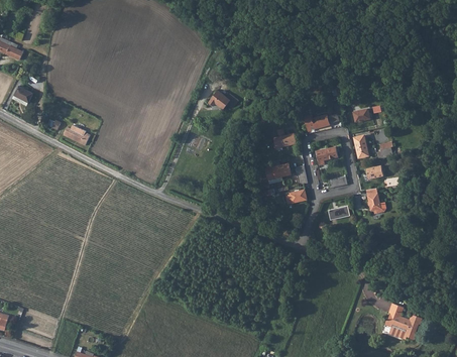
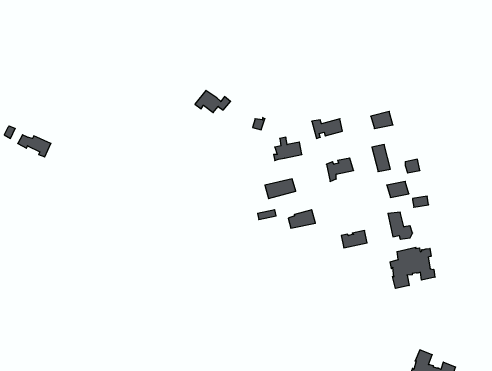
building: none -> [390,247,435,288]

